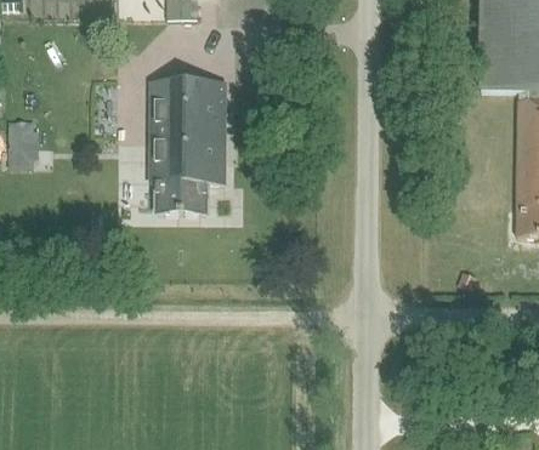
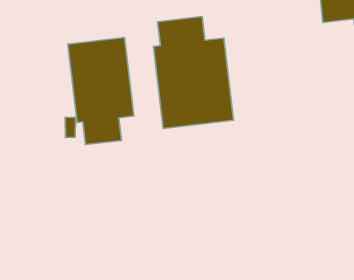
building: none -> [153,17,233,128]

